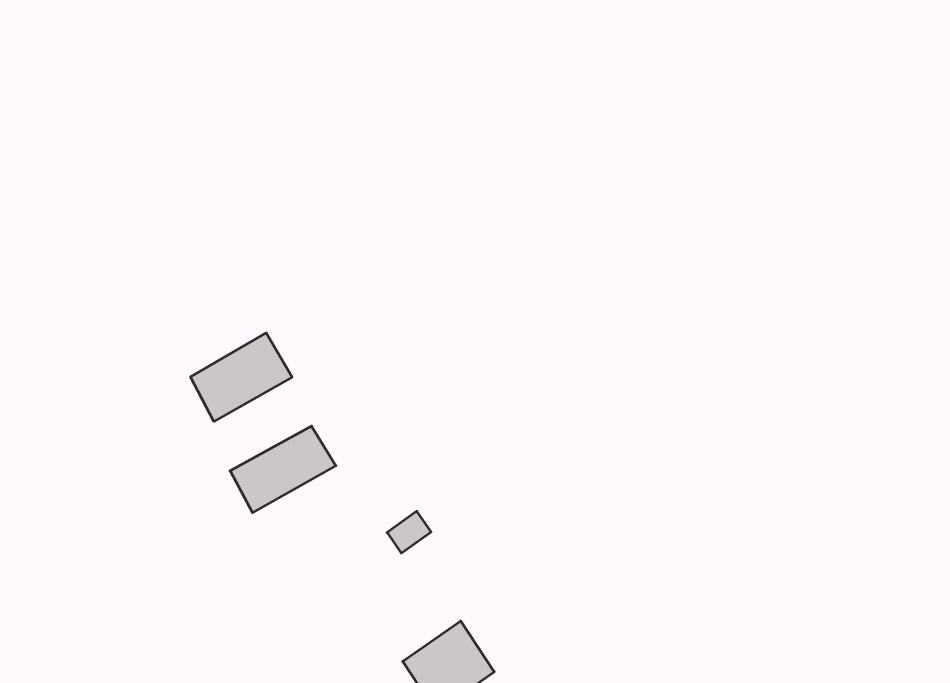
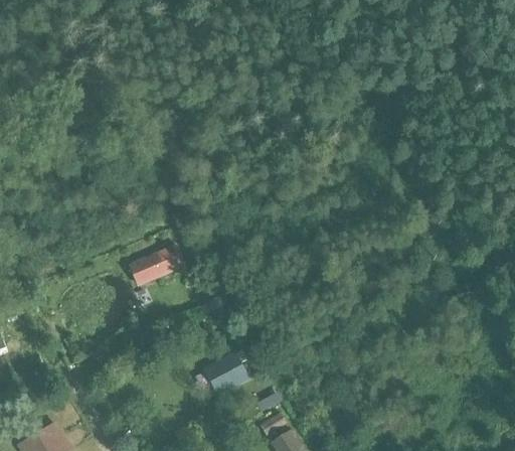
building: [191,333,292,421] -> none

